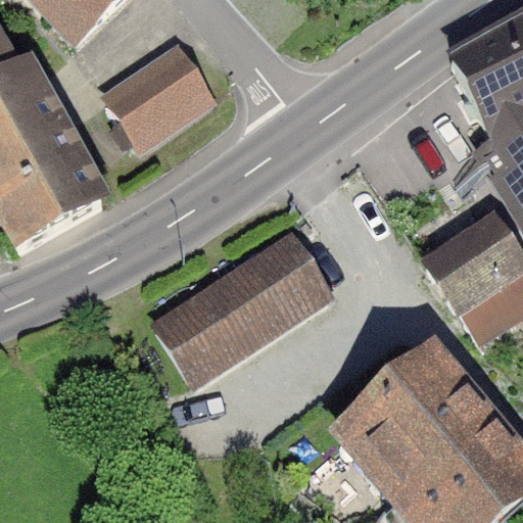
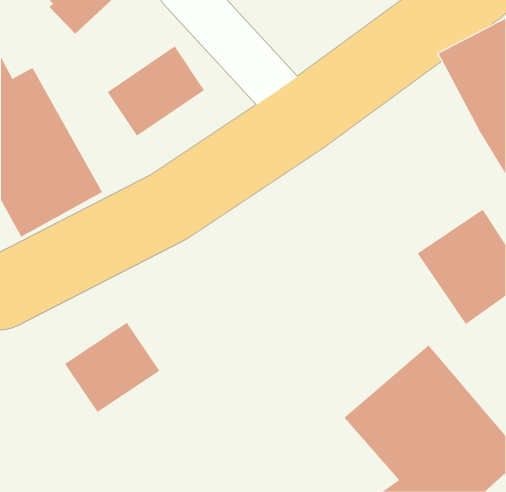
building: [159,233,333,379] -> none
building: none -> [64,322,160,413]

